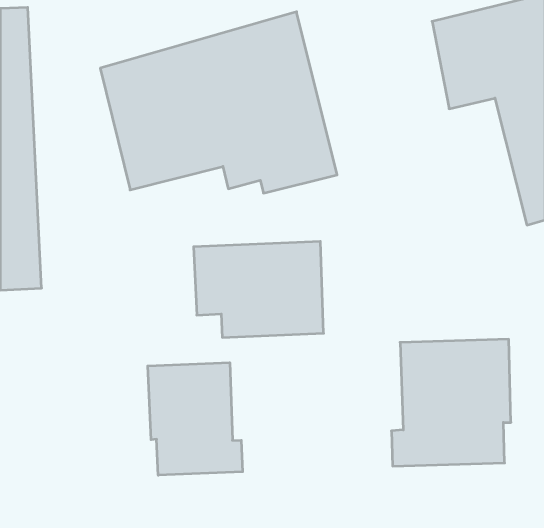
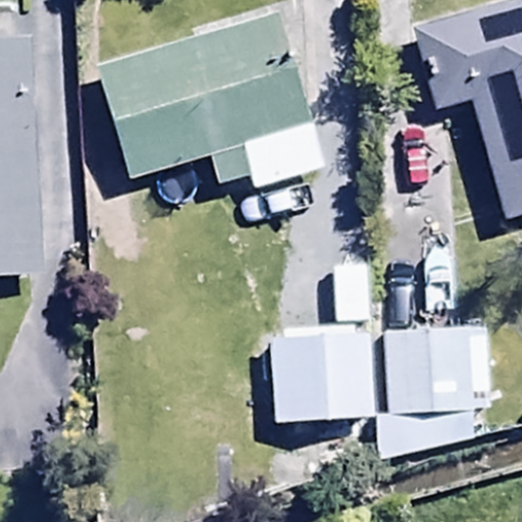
building: [194,241,324,337] -> [248,329,372,421]
building: [148,363,243,475] -> none

